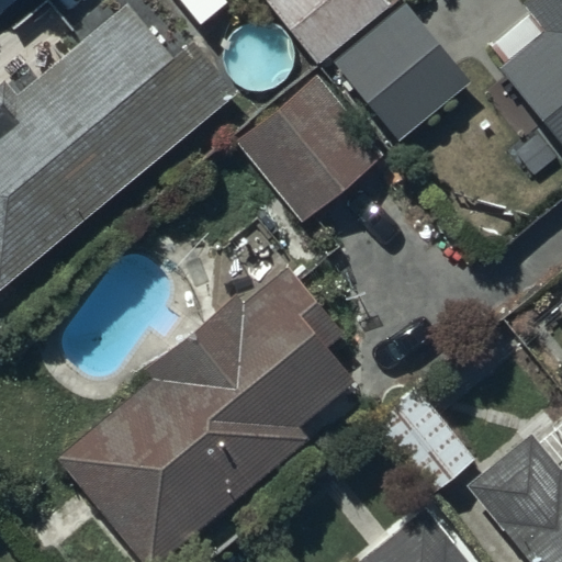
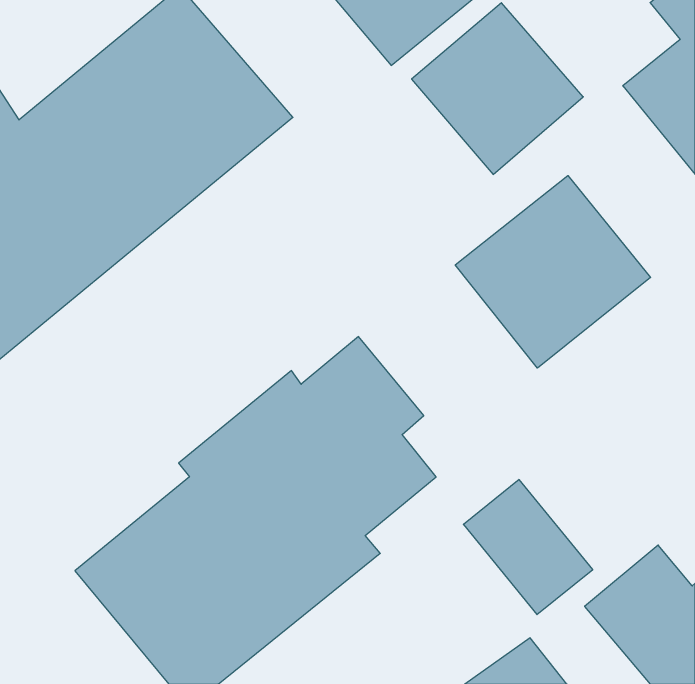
building: [236,70,385,218] -> none
building: none -> [455,176,651,368]

